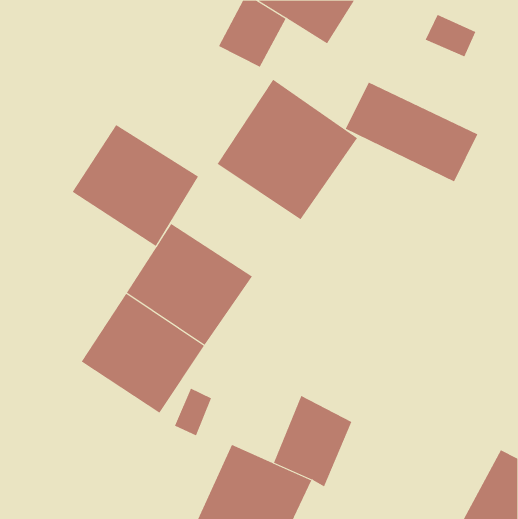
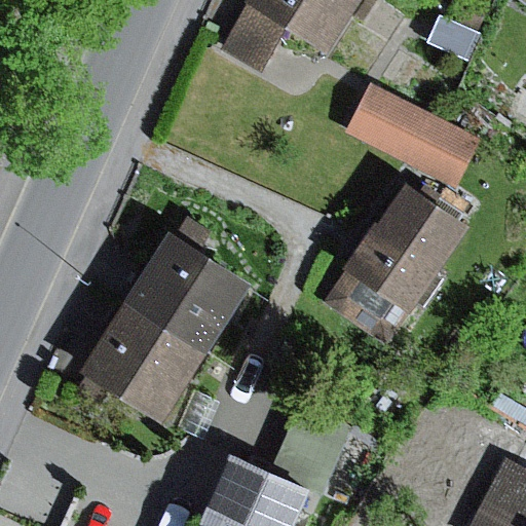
building: [217,79,358,220] -> none
building: [72,124,199,247] -> none
building: none -> [324,182,471,346]

